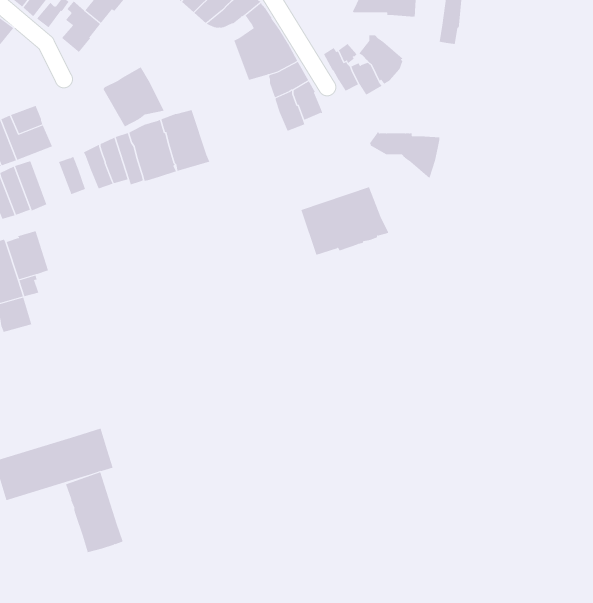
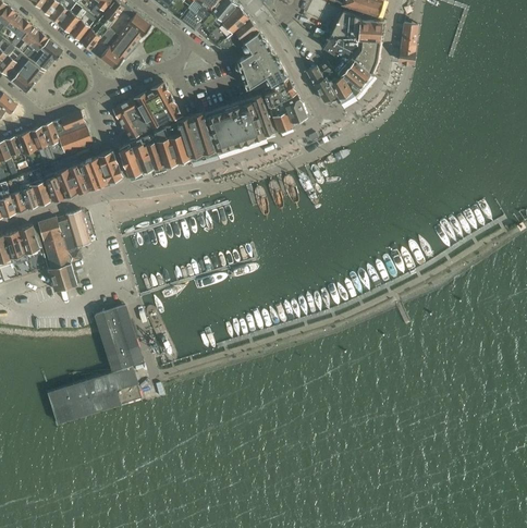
building: none -> [112,98,150,139]
building: [368,132,440,178] -> [322,37,379,74]
building: none -> [76,150,108,189]
building: [301,186,389,255] -> [204,96,273,150]
building: [65,472,123,553] -> [96,305,142,369]

